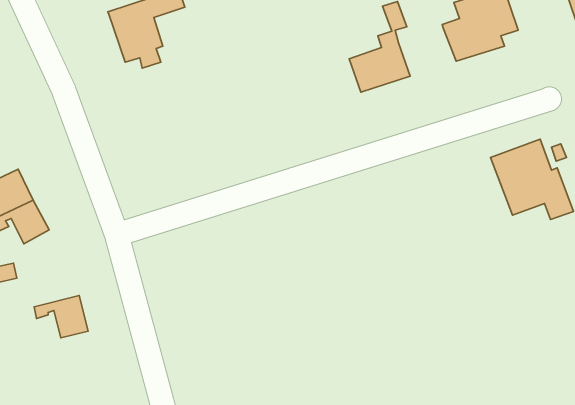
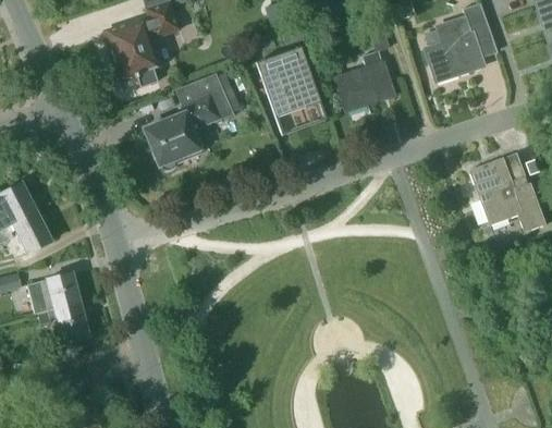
building: none -> [255,47,326,135]
building: none -> [144,72,234,169]
building: none -> [29,272,79,313]

